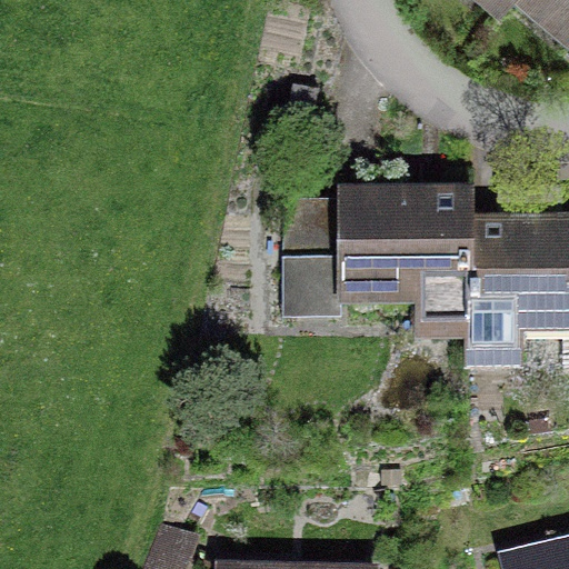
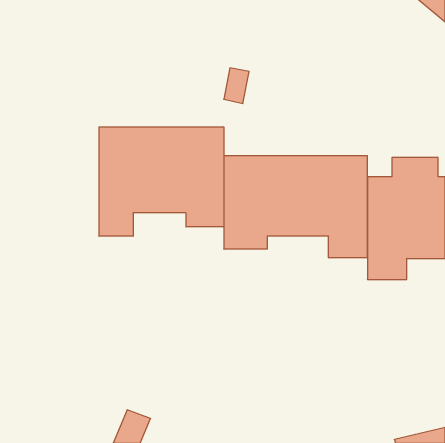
building: none -> [99,127,224,236]

